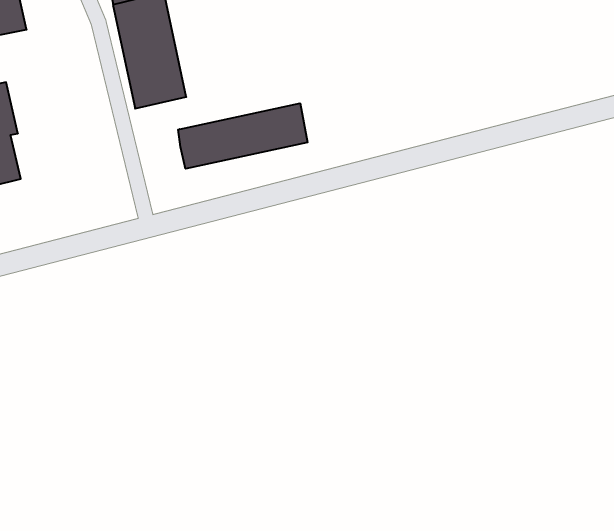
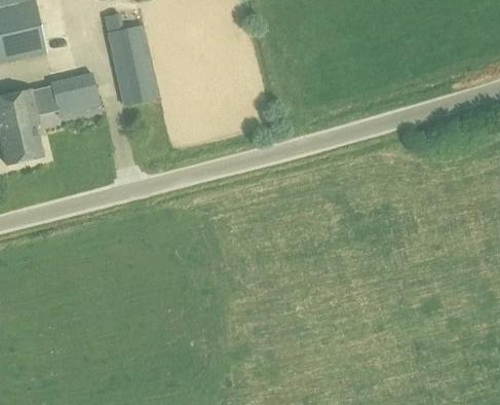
building: none -> [50,72,101,124]
building: [178,103,308,169] -> none

